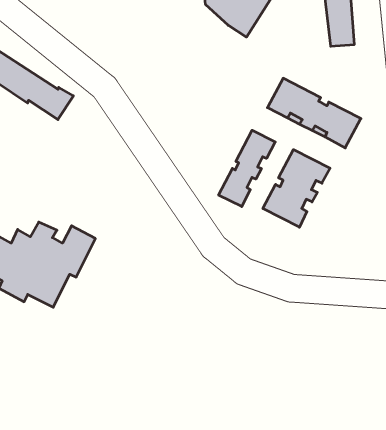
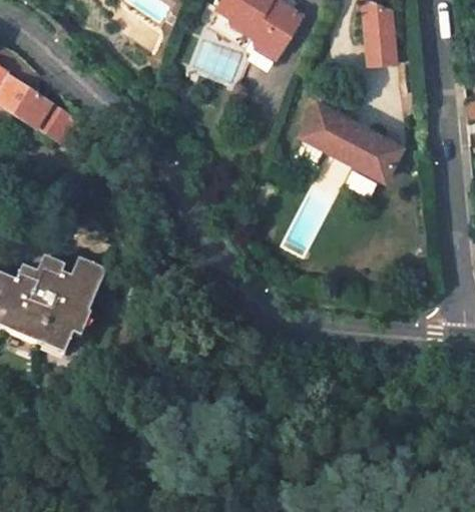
building: [219,130,275,207] -> none
building: [263,150,330,227] -> none

